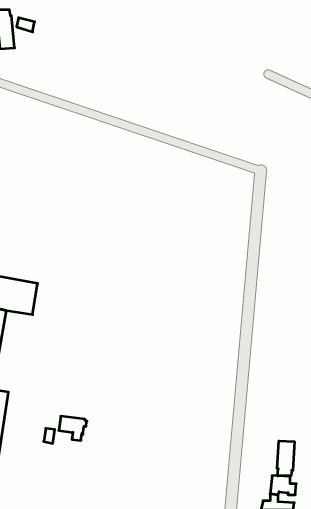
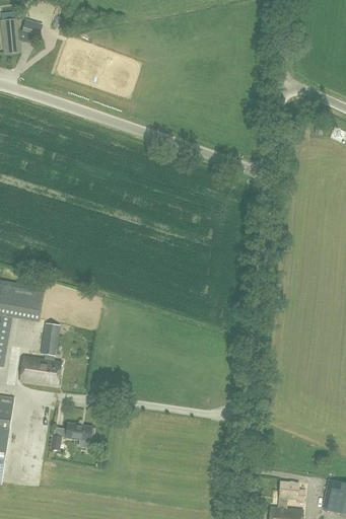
building: none -> [18,322,60,385]
building: [277,441,294,476] -> none

